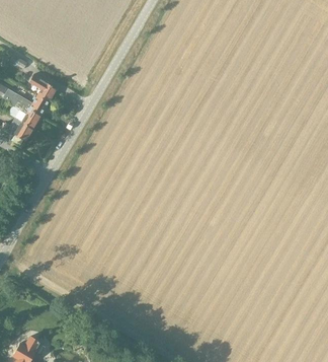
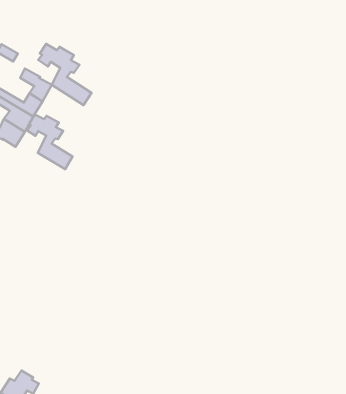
building: none -> [38,44,91,105]
building: none -> [27,114,72,169]

